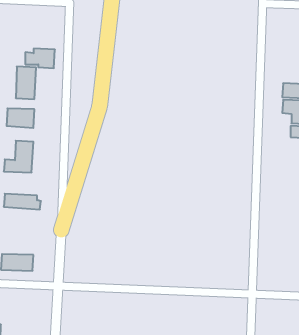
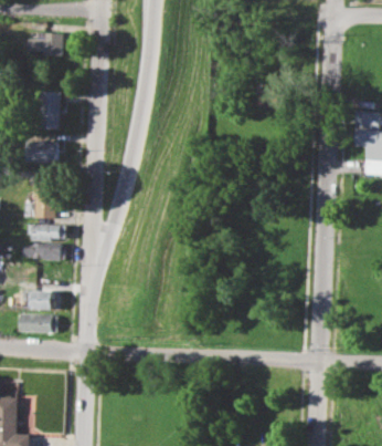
building: [25,49,55,68] -> [26,33,62,56]
building: none -> [28,224,65,241]
building: none -> [23,290,59,310]

